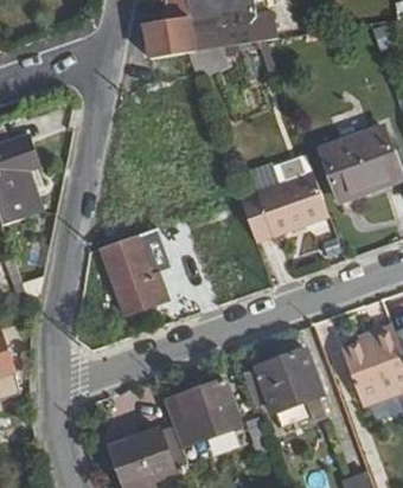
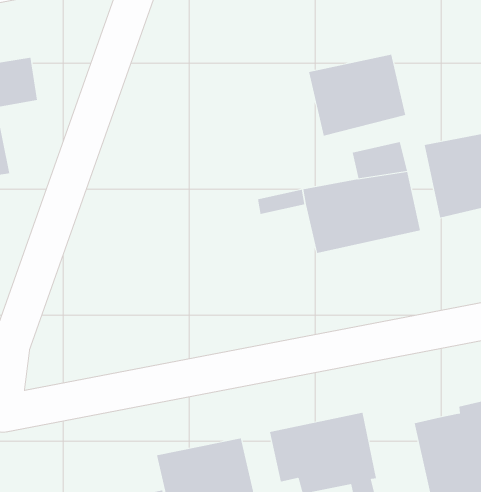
building: none -> [309,54,406,136]
building: [103,237,167,315] -> none

